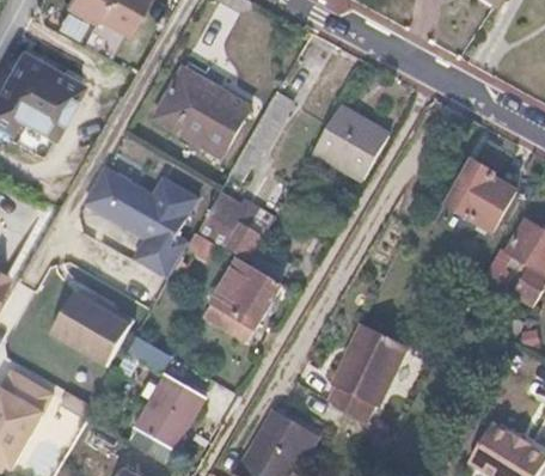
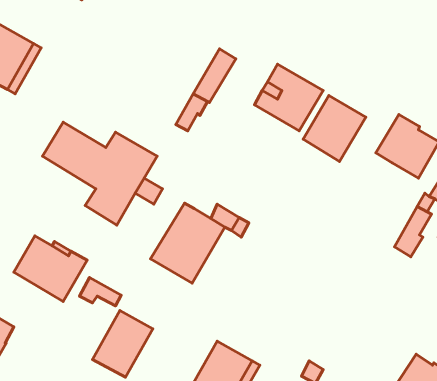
building: [152,68,249,158] -> none
building: none -> [303,95,366,161]
building: [200,194,261,256] -> none
building: [326,325,410,422] -> none

